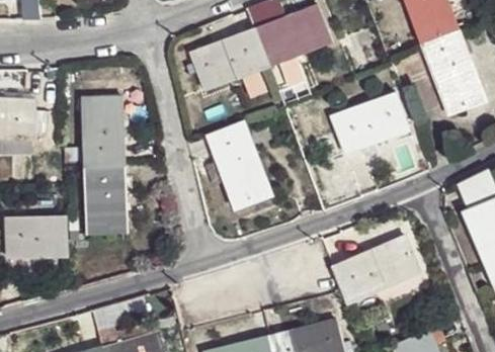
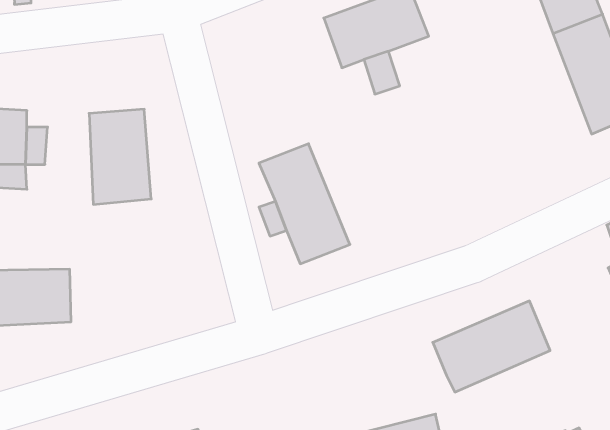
building: [189,29,265,91] -> none
building: [331,94,410,155] -> none
building: [83,162,128,230] -> none

